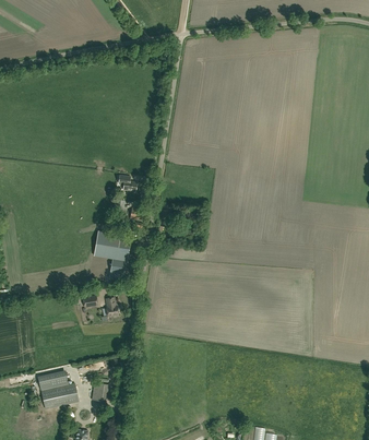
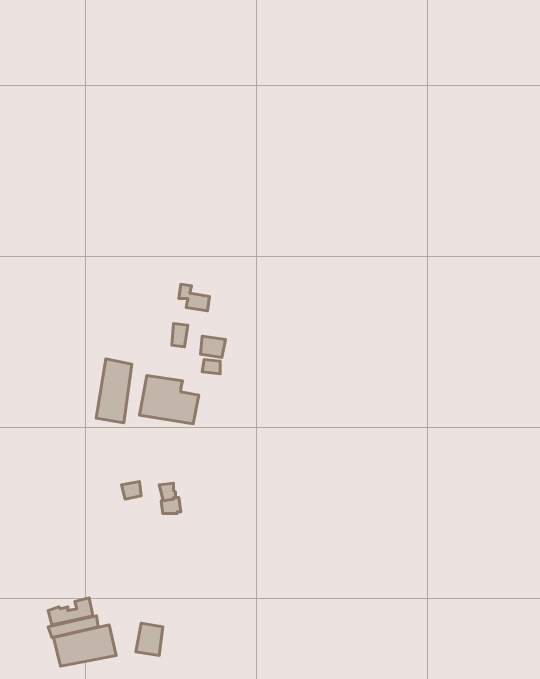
building: none -> [96,359,132,423]

